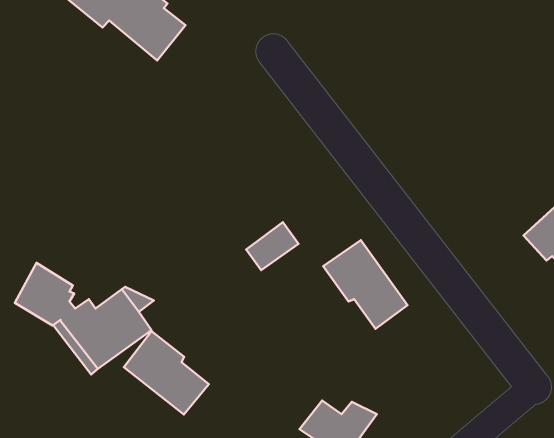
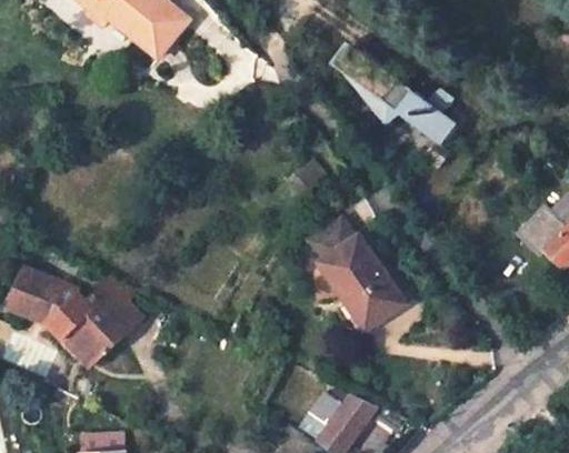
building: none -> [323,39,453,144]
building: [246,222,299,270] -> [307,218,358,264]
building: [124,331,209,415] -> none

